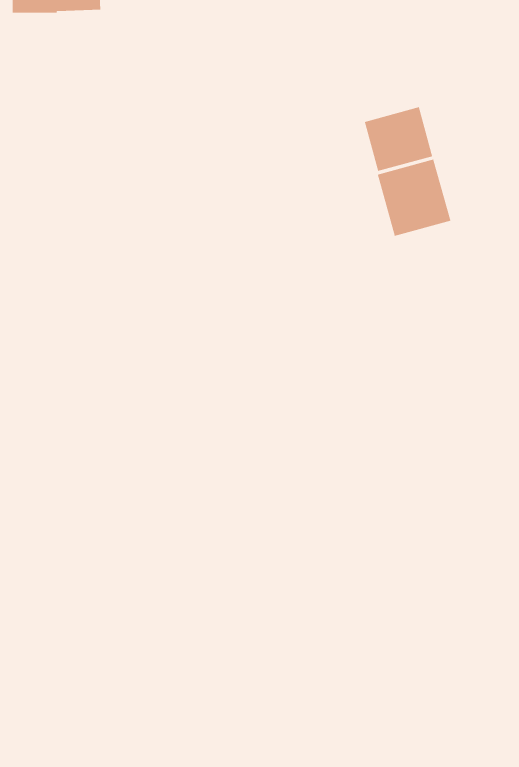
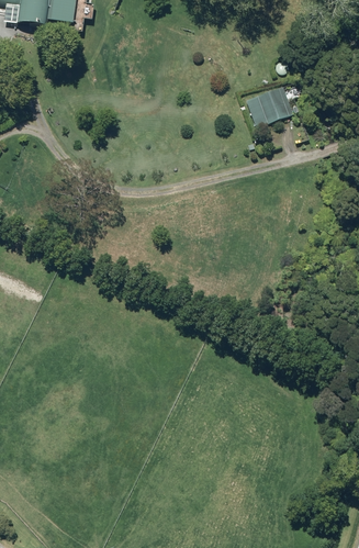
building: [377,159,451,237] -> none

